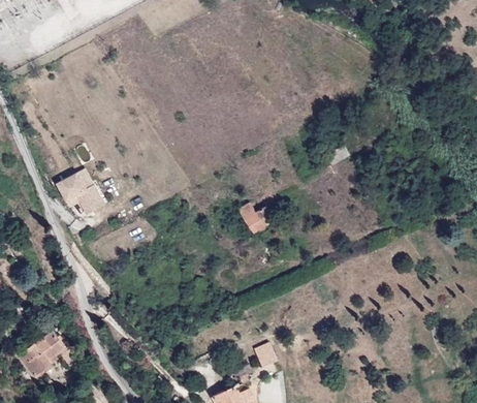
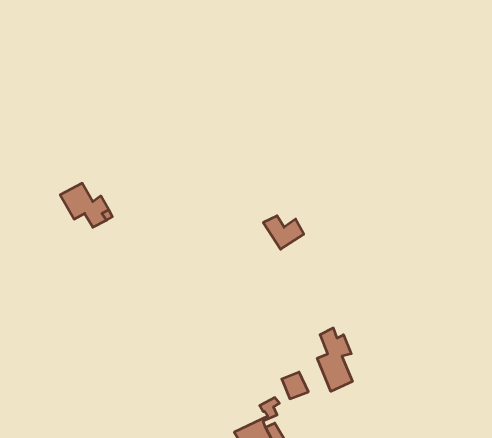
building: none -> [317,328,352,391]
building: [20,331,66,375] -> none

